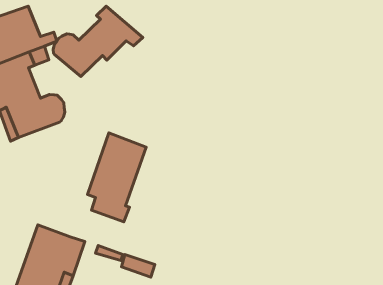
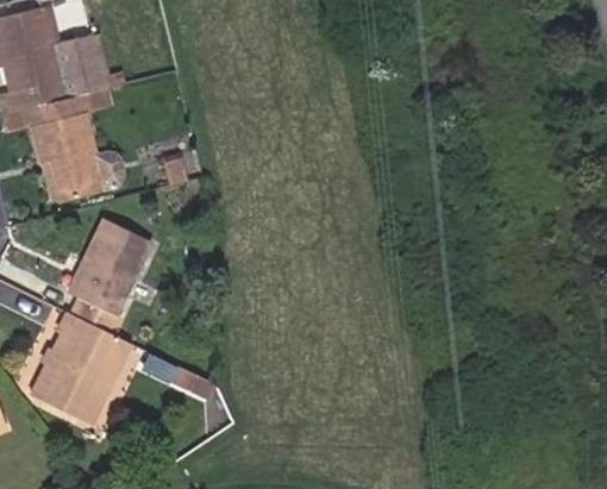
building: [53,6,143,77] -> none
building: [88,133,146,222] -> [69,218,151,333]

